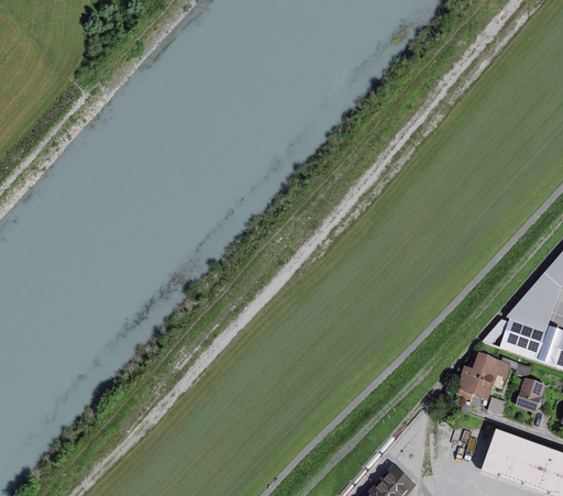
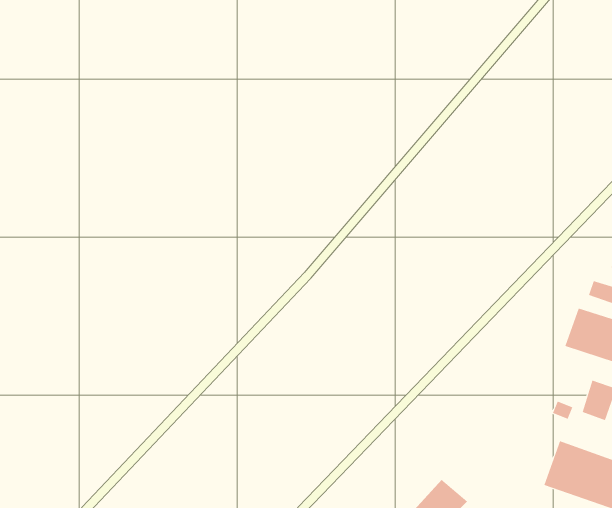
building: [459,350,512,397] -> none

